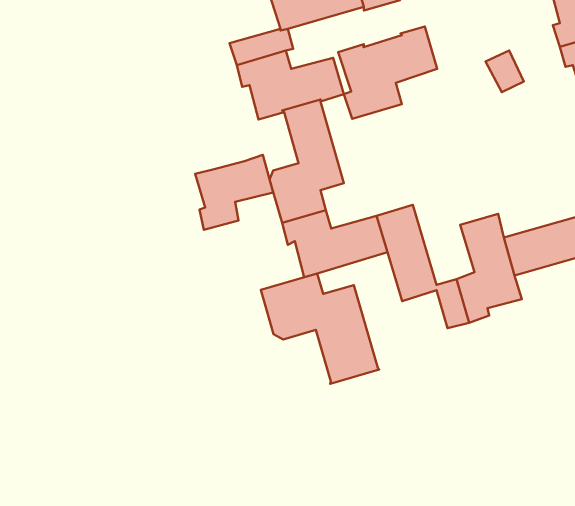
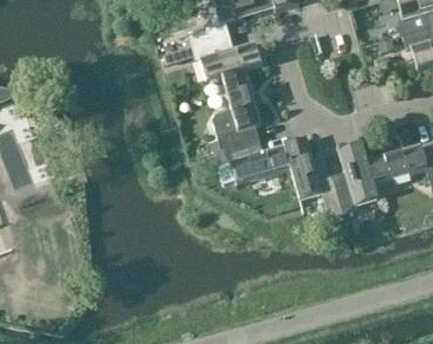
building: [338,27,437,119] -> none
building: [195,155,273,230] -> none
building: [261,274,379,384] -> none

